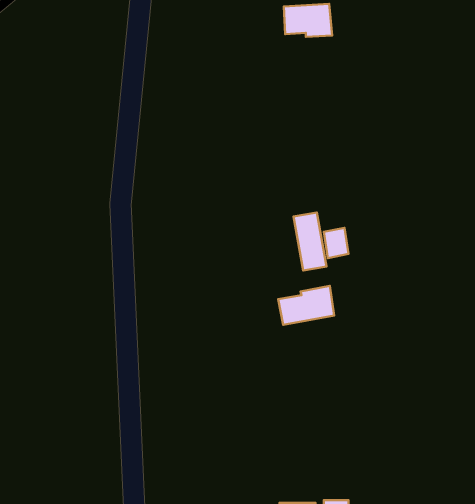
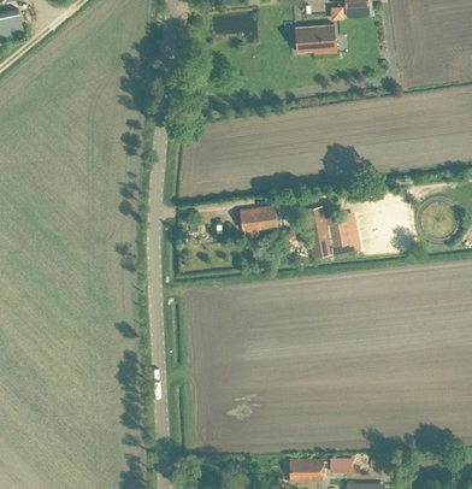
building: none -> [241,207,276,230]
building: [278,286,334,325] -> none

